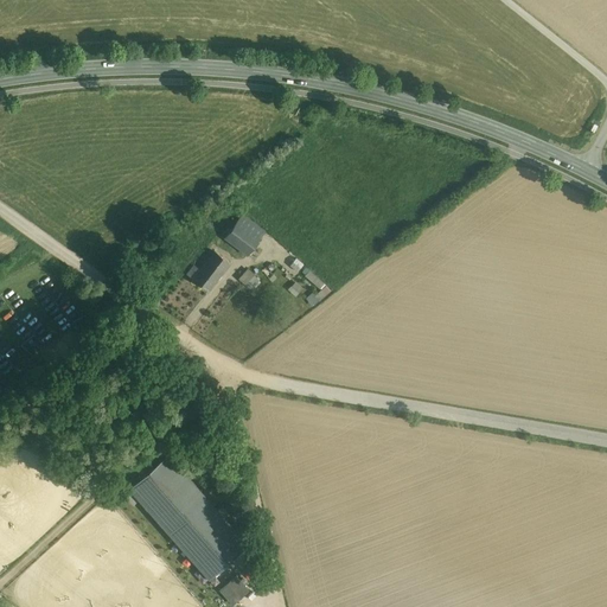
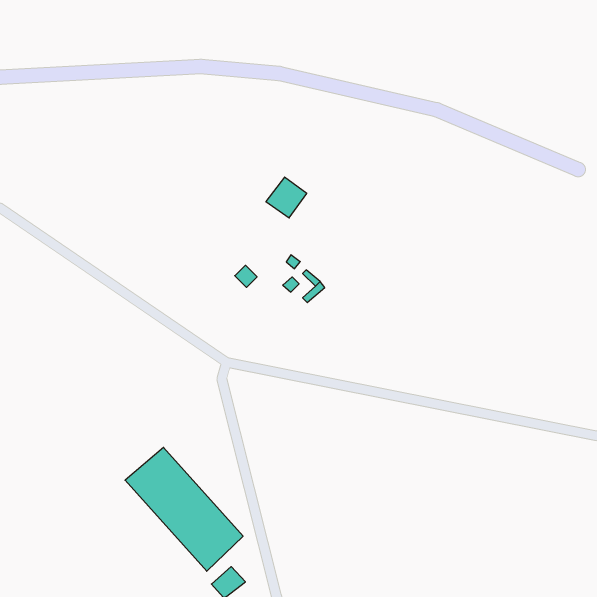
building: [223,215,264,256] -> [266,177,307,218]
building: [185,250,231,292] -> none

